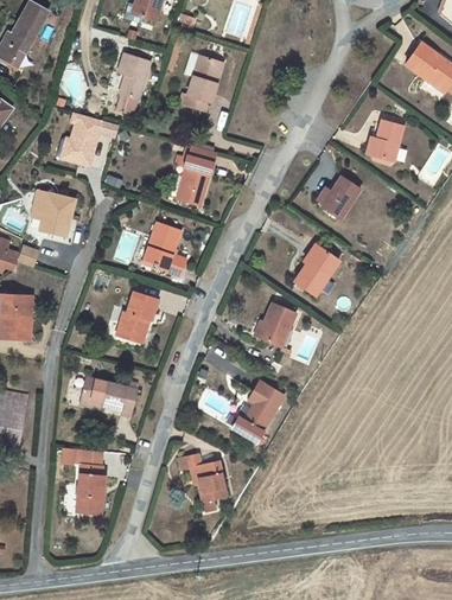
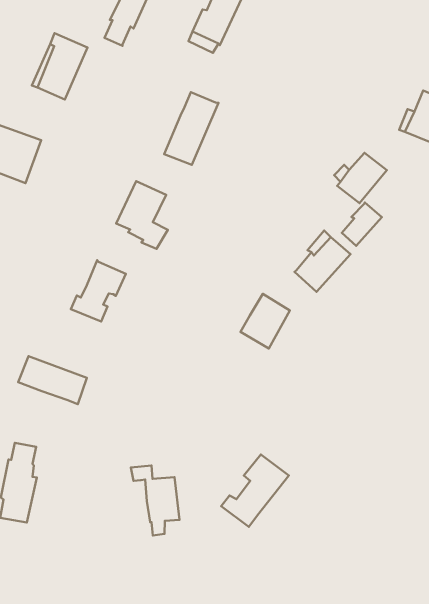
building: none -> [342,202,382,246]
building: [231,381,284,441] -> [221,455,289,527]

